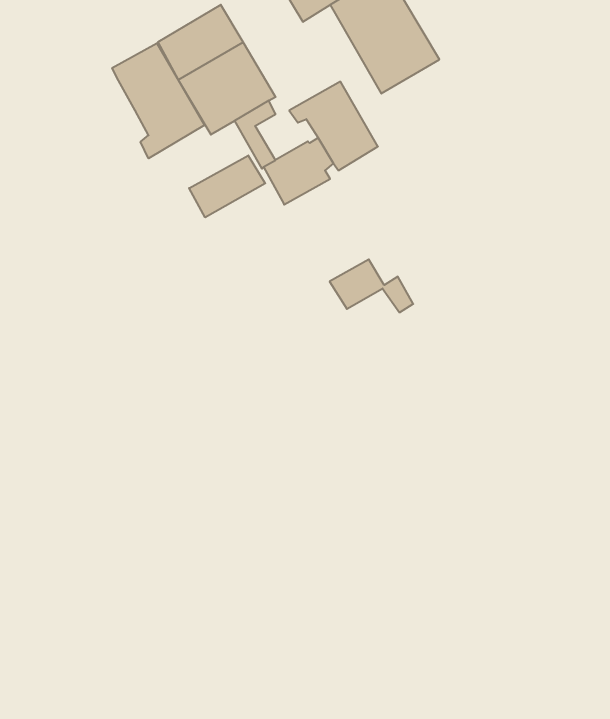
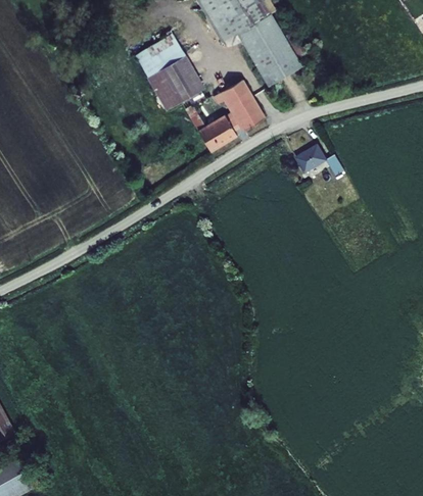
building: [112,43,205,158] -> none
building: [189,155,265,217] -> none
building: [330,259,413,312] -> [293,144,343,176]

